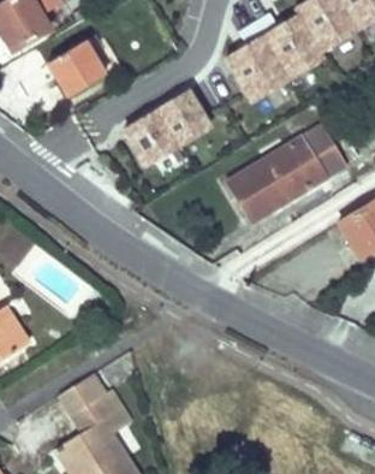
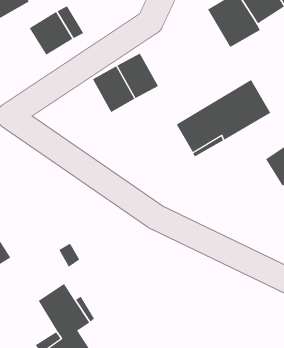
building: [230,37,293,106] -> none

